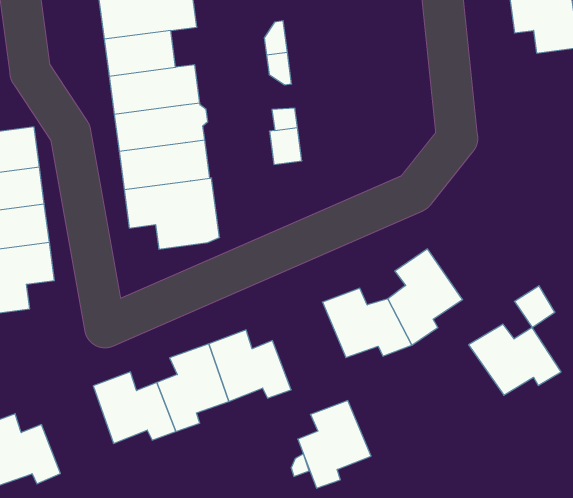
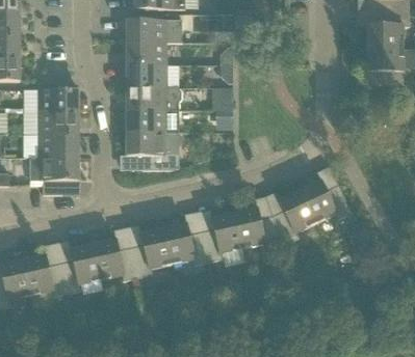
building: [469,324,561,395] -> [299,182,351,223]
building: none -> [59,245,100,294]
building: [298,401,371,488] -> [201,214,242,263]

